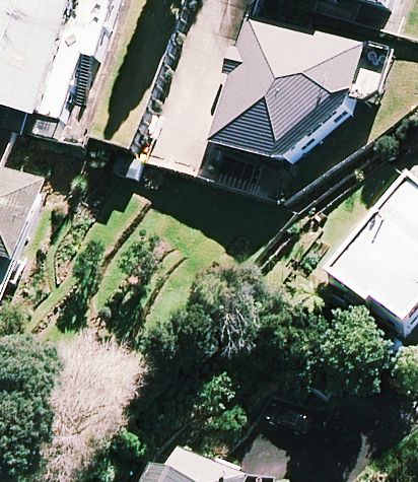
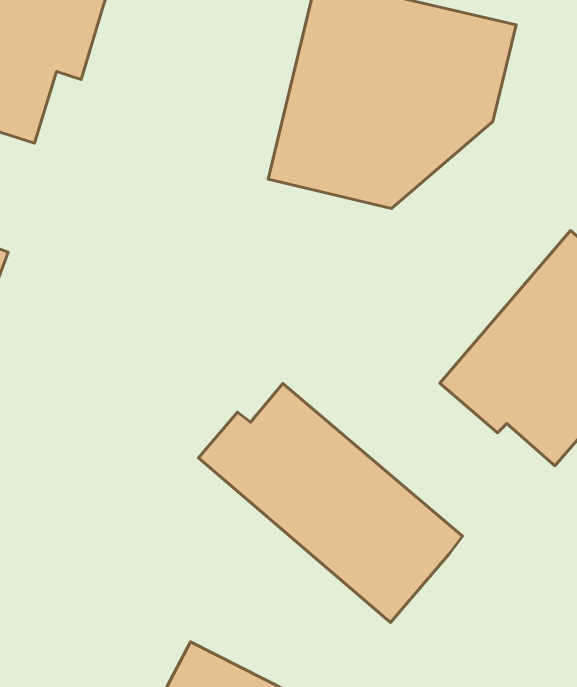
building: none -> [199,384,463,622]

